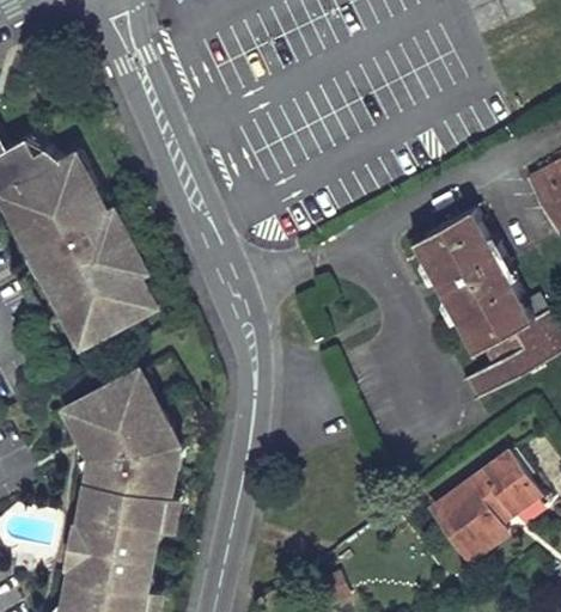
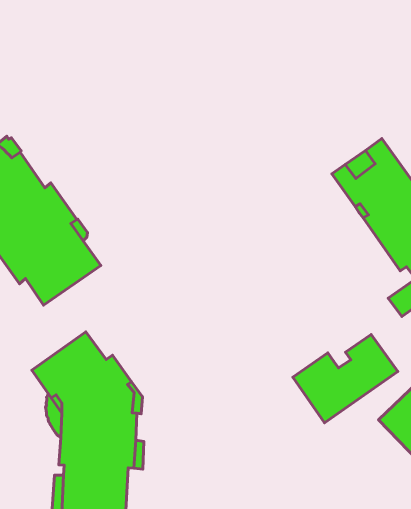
building: none -> [293,334,398,423]

